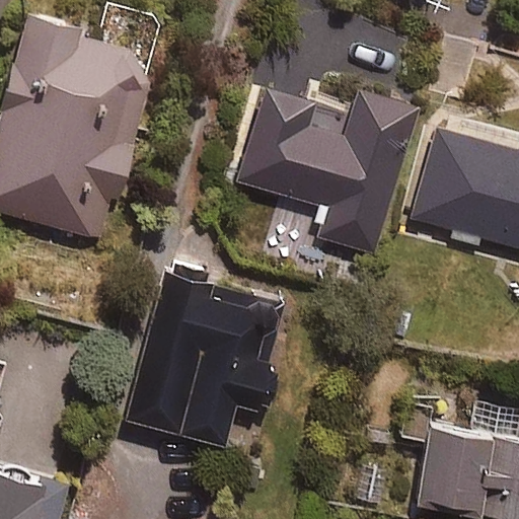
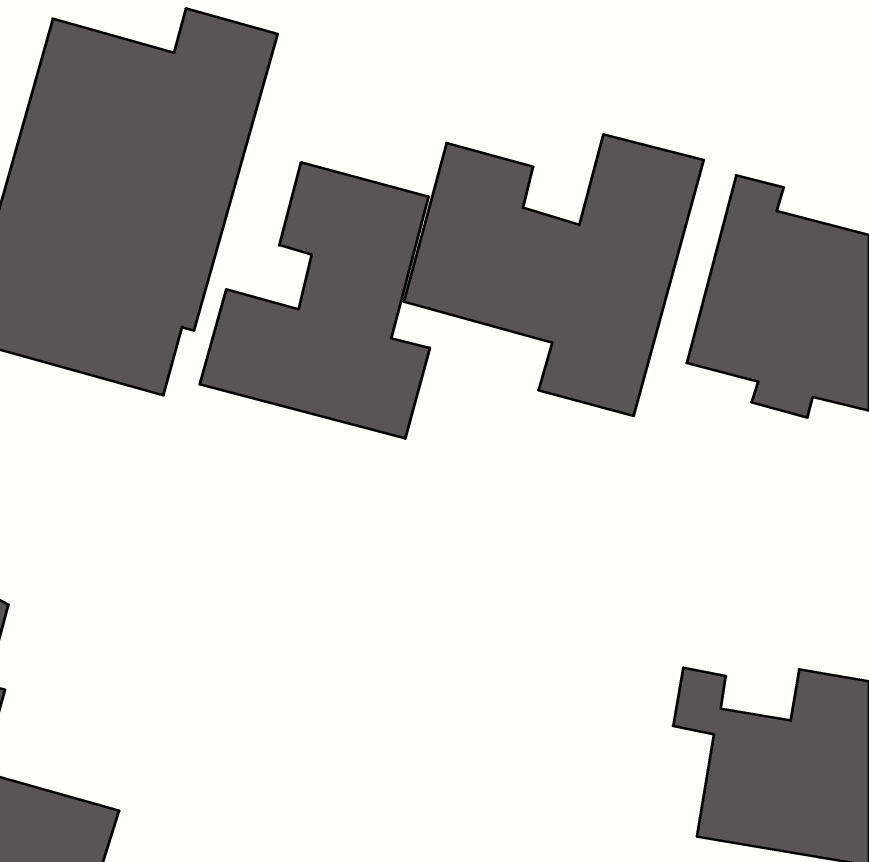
building: none -> [200,162,430,439]
building: [128,278,287,448] -> none

